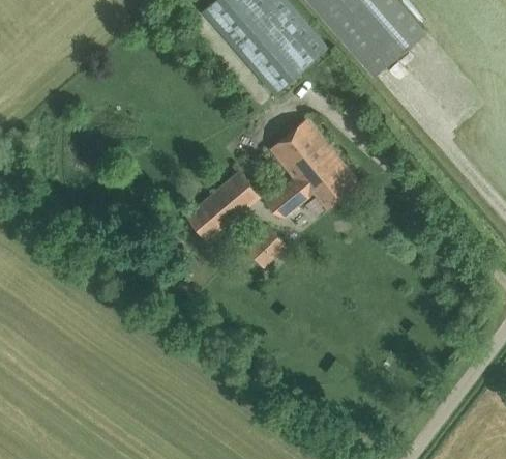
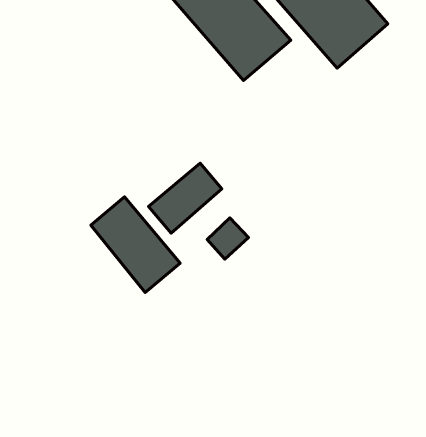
building: [263,119,357,218] -> none
building: none -> [91,197,180,293]

